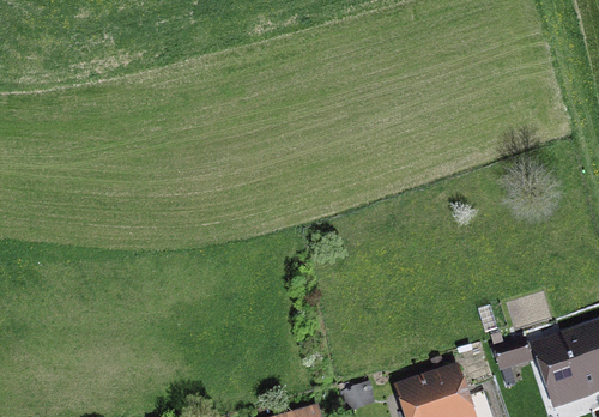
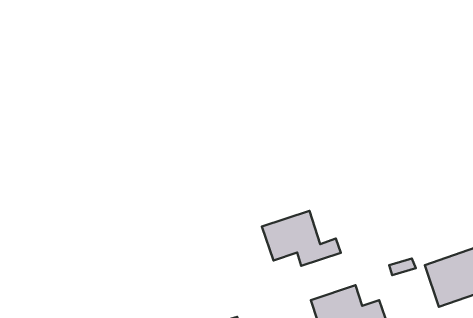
building: none -> [262,211,341,266]

